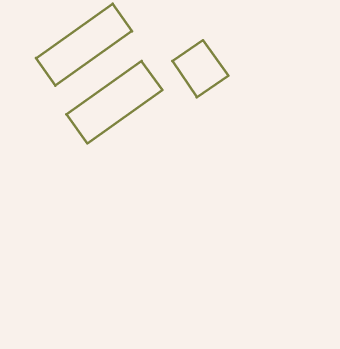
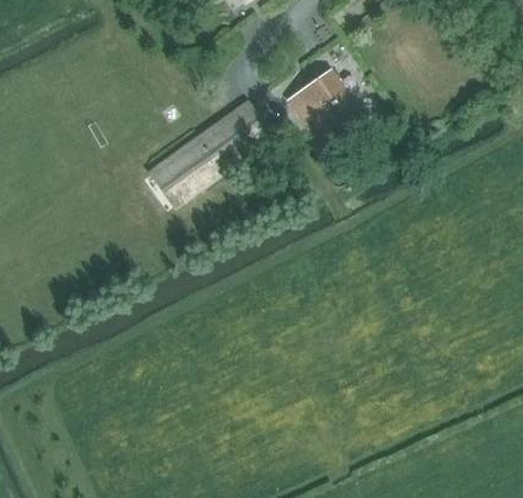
building: [36,4,132,86] -> none

